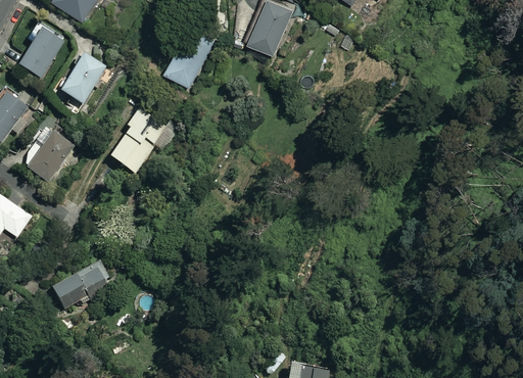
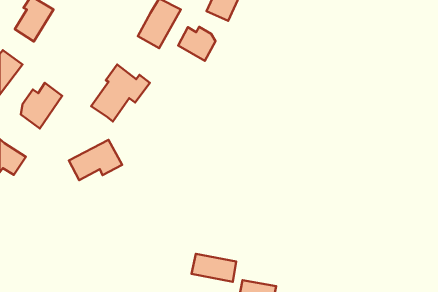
building: [60,53,105,104] -> none
building: none -> [178,27,215,61]
building: [51,261,114,309] -> [69,140,122,180]
building: none -> [192,254,236,282]

